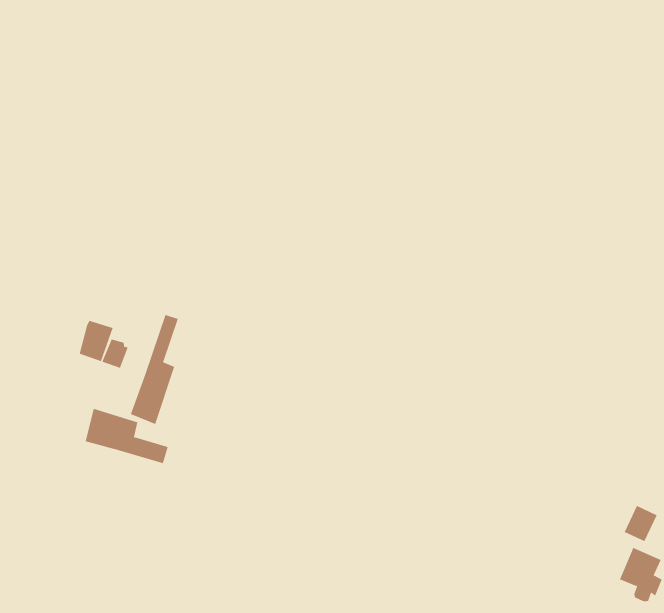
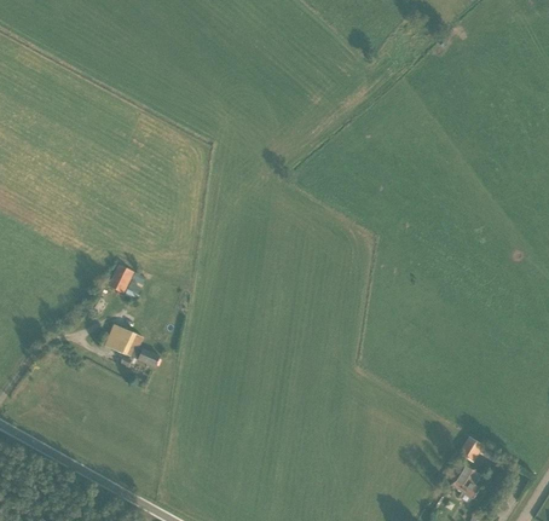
building: [130,314,178,425] -> none

